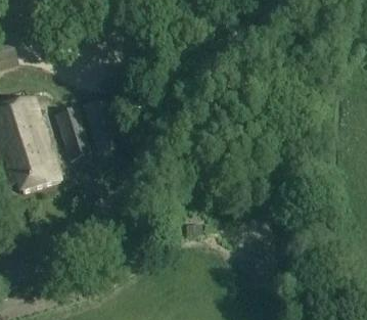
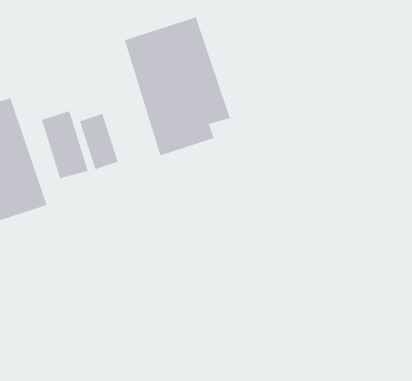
building: none -> [124,17,230,156]

